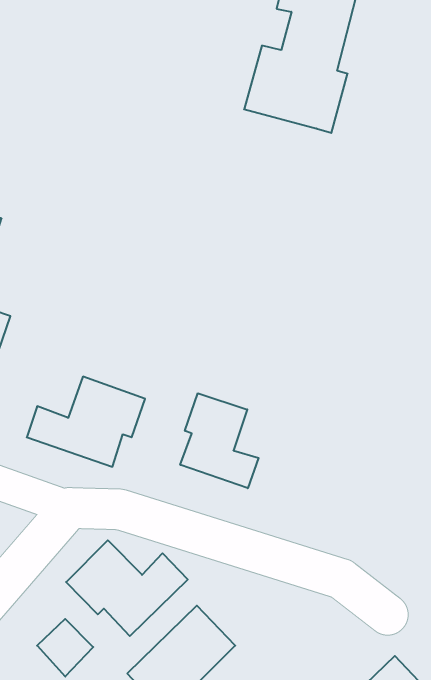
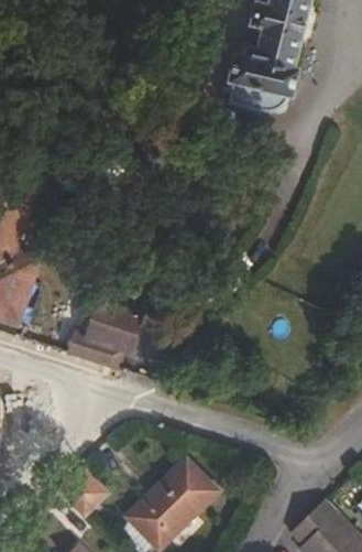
building: [180,393,259,488] -> none
building: [66,540,188,636] -> none

